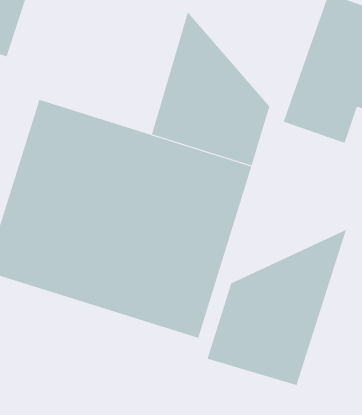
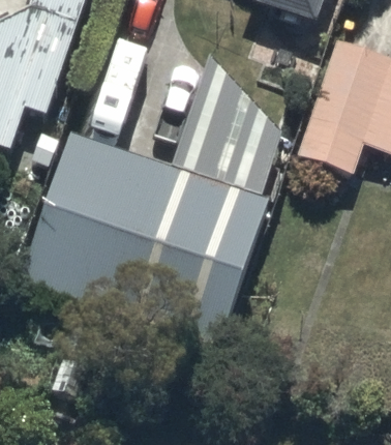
building: [207,229,347,386] -> none

